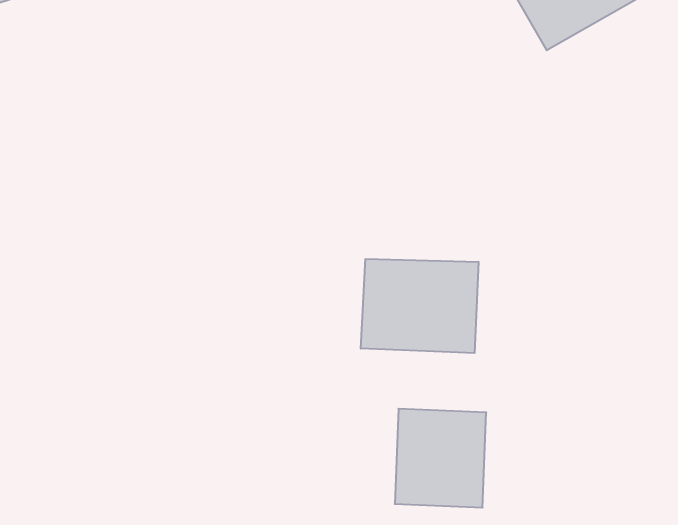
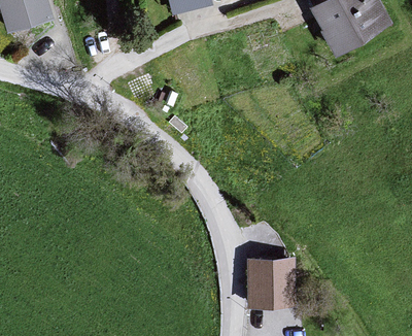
building: [361,259,478,353] -> none

